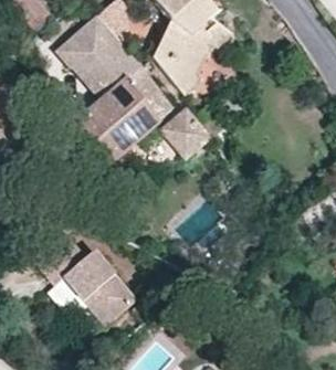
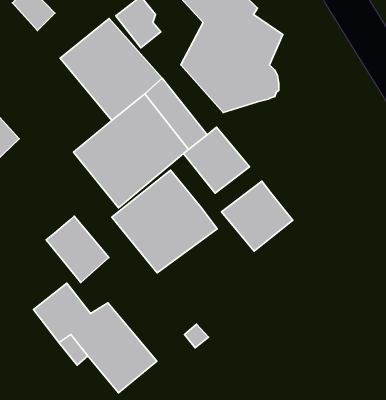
building: none -> [112,170,217,273]
building: none -> [222,181,293,251]
building: none -> [46,216,109,282]

